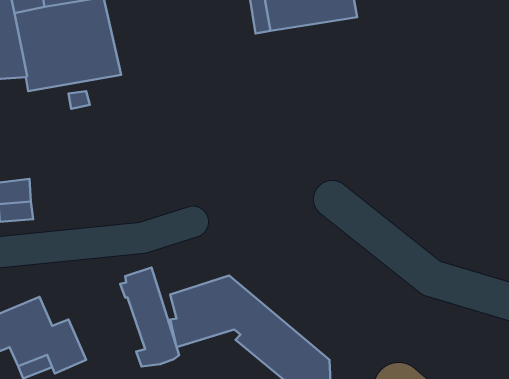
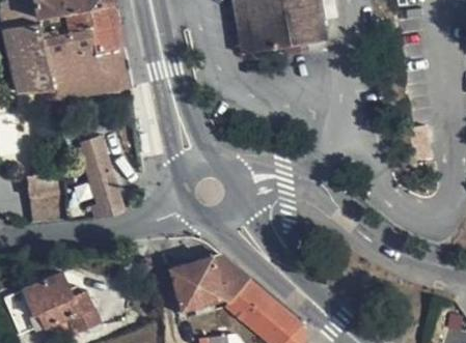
building: [120,267,179,367] -> [76,135,125,217]

